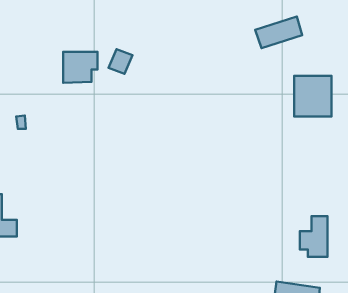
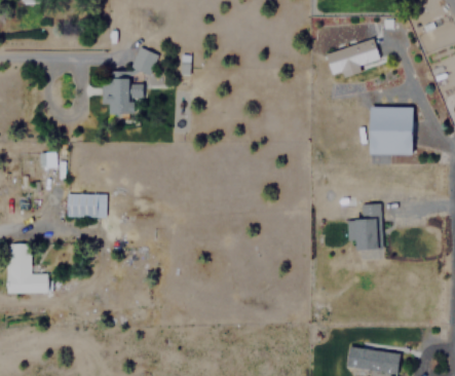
building: [108,49,132,74] -> [130,47,158,76]
building: none -> [67,193,106,218]
building: [300,216,327,257] -> [348,203,380,251]

